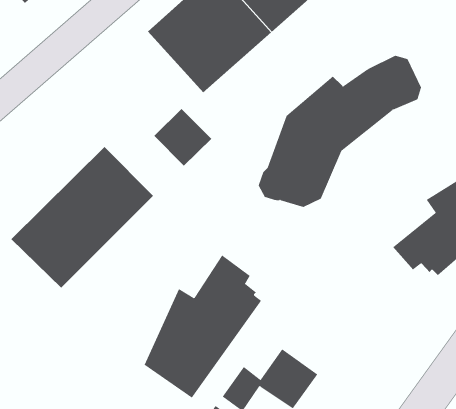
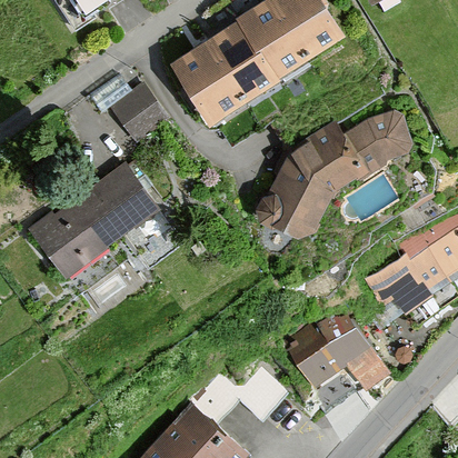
building: [153,108,212,166] -> [109,87,160,138]
building: [144,254,262,399] -> none
building: none -> [286,307,381,397]

